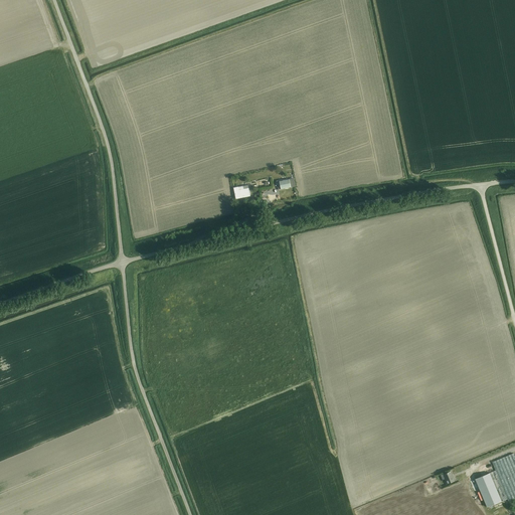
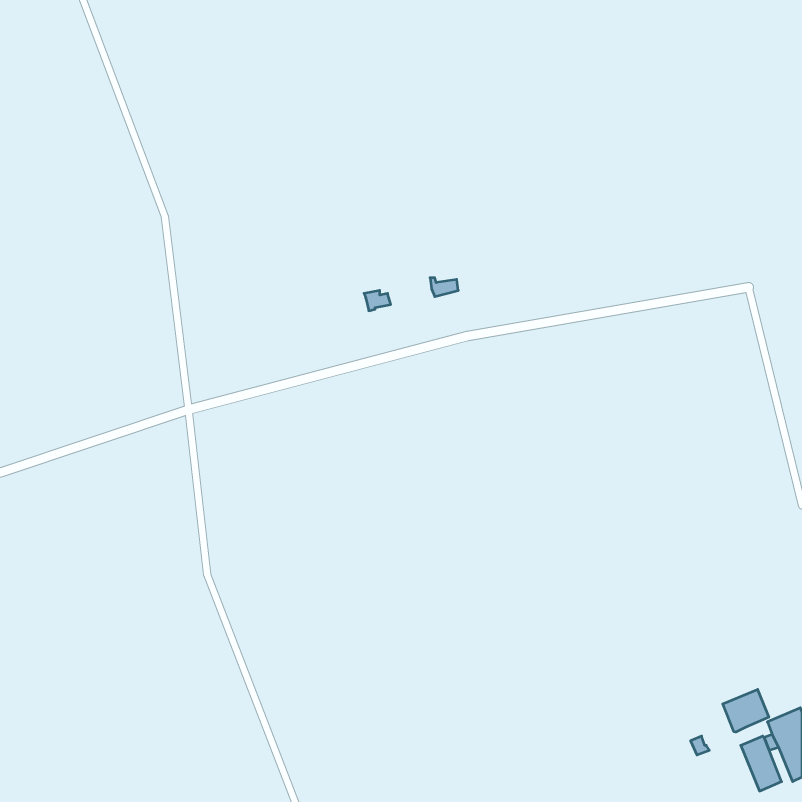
building: none -> [723,689,769,732]

